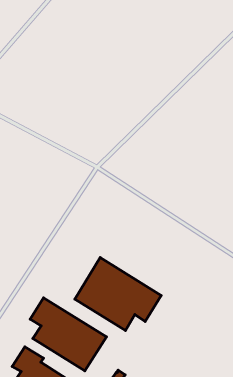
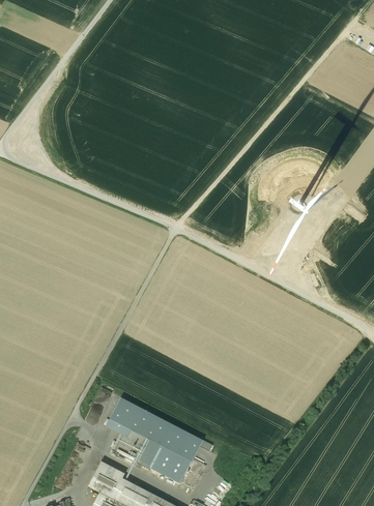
building: [75,257,161,330] -> none

